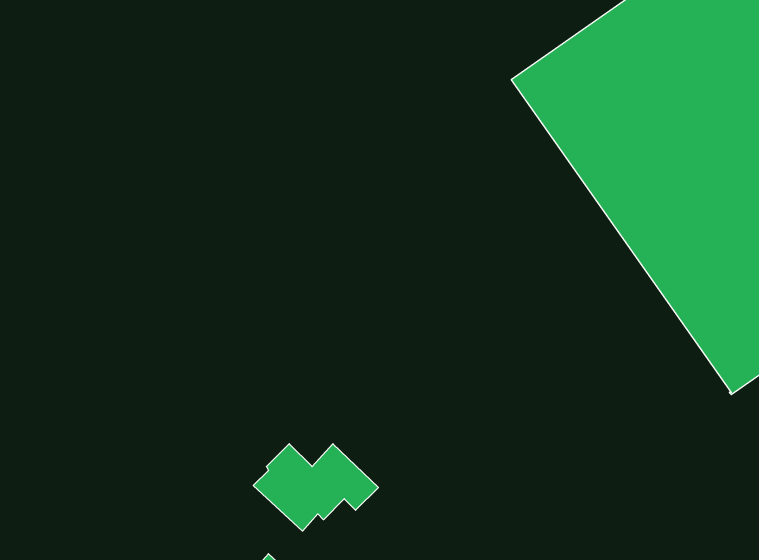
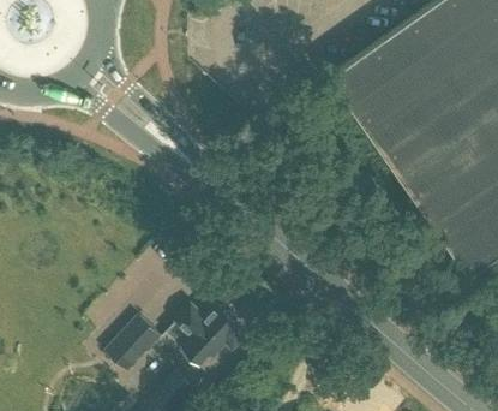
building: none -> [113,321,163,371]

